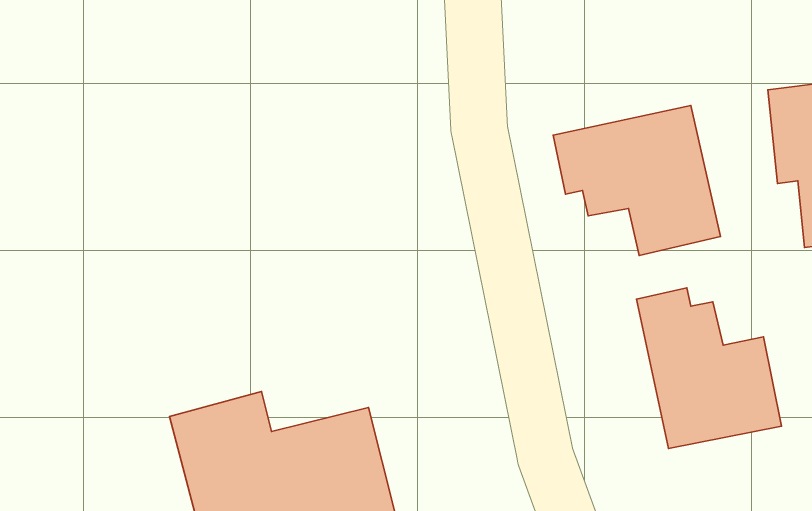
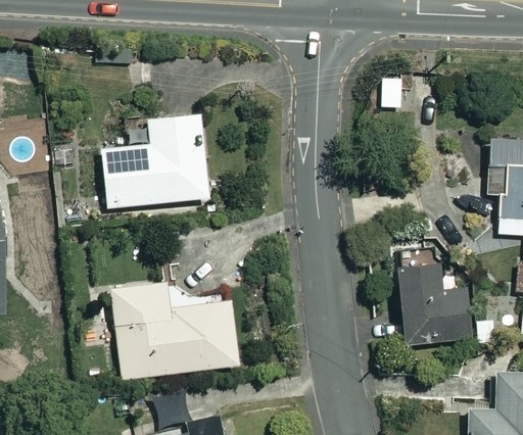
building: none -> [102,112,211,208]
building: [553,106,720,255] -> none

